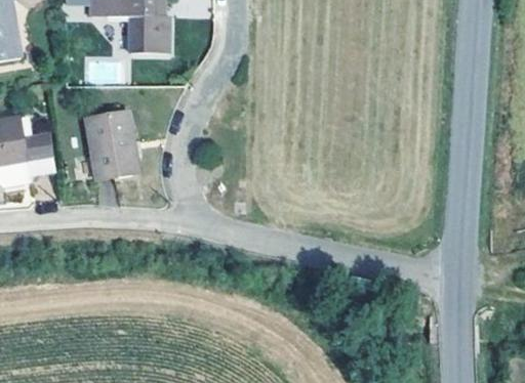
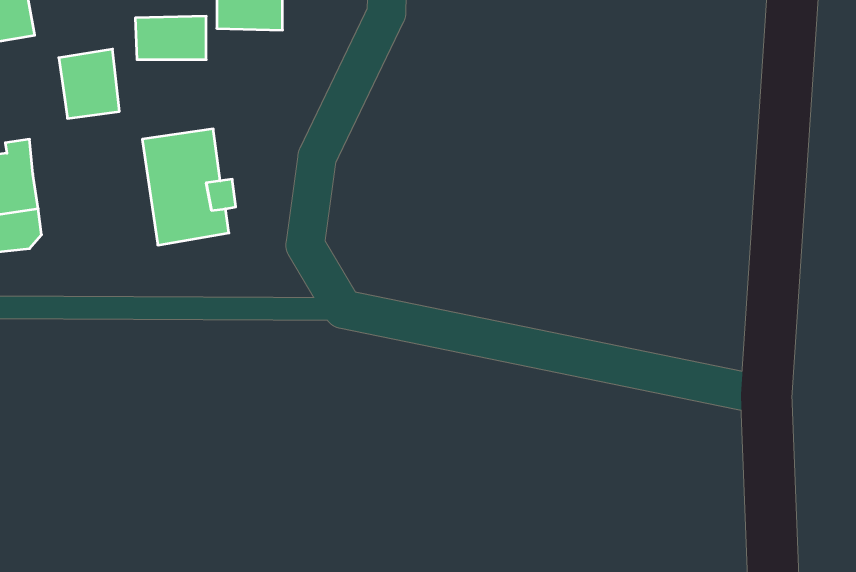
building: [21,134,56,175] -> [59,49,119,118]

